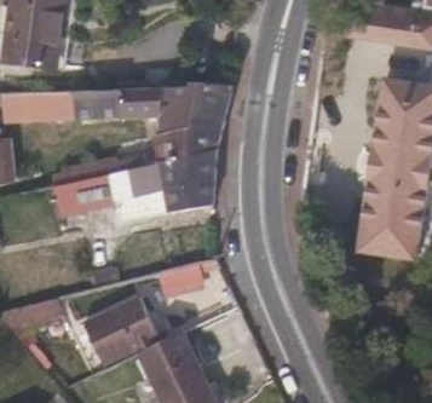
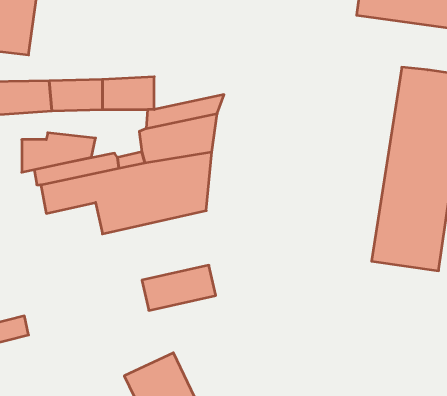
building: [166,81,231,116] -> [22,133,96,172]
building: [77,293,157,364] -> none

